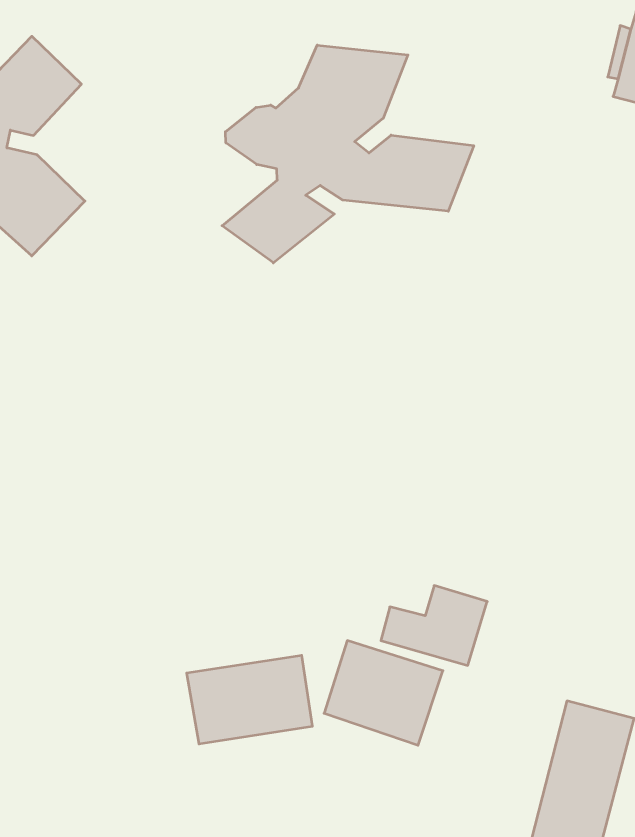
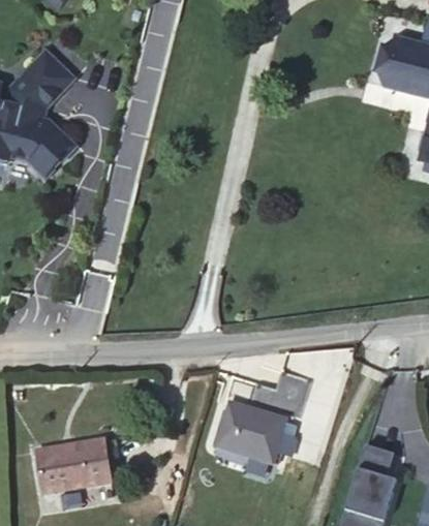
building: [222,45,474,263] -> none
building: [187,655,312,744] -> [37,440,111,492]

